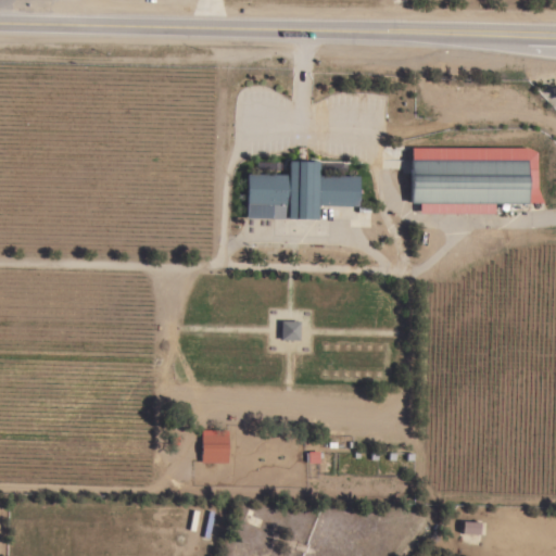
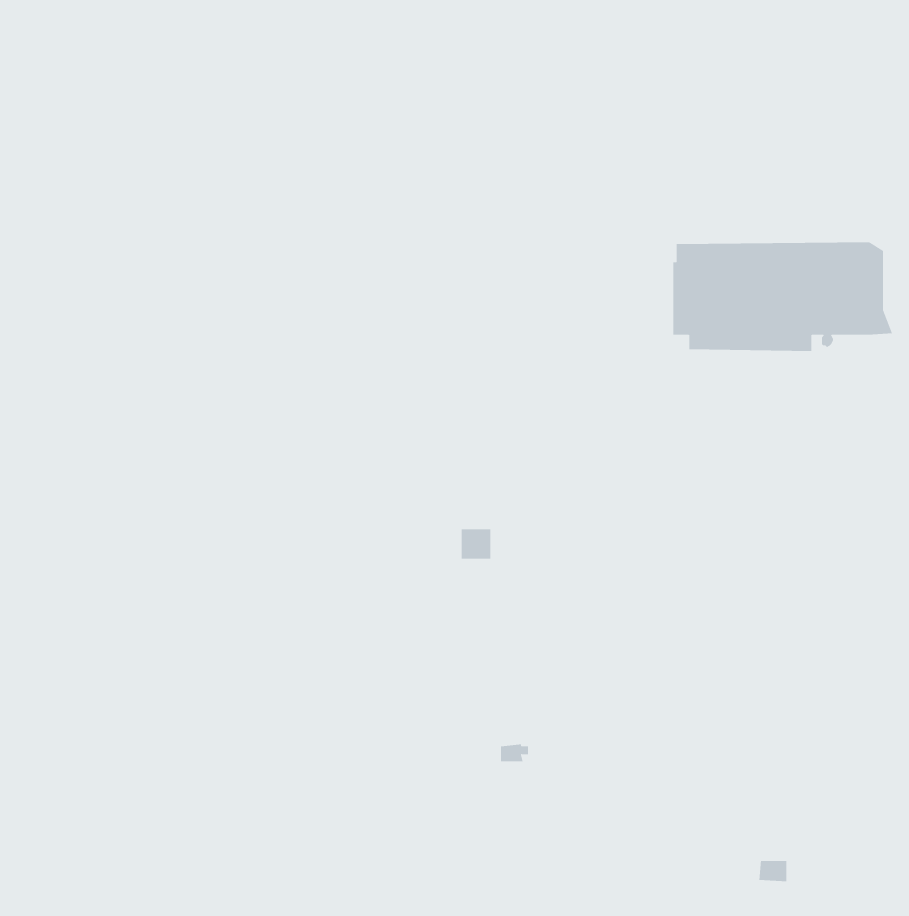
building: [248,160,361,219] -> none
building: [203,434,230,462] -> none

